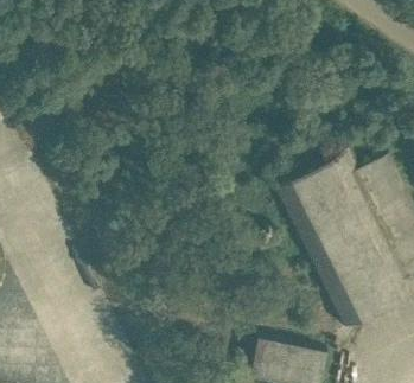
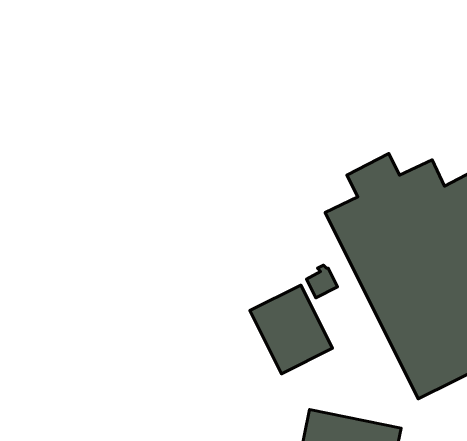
building: none -> [250,285,332,374]

